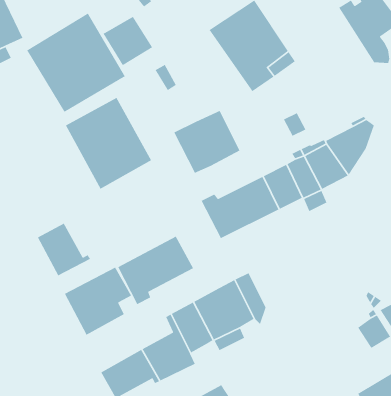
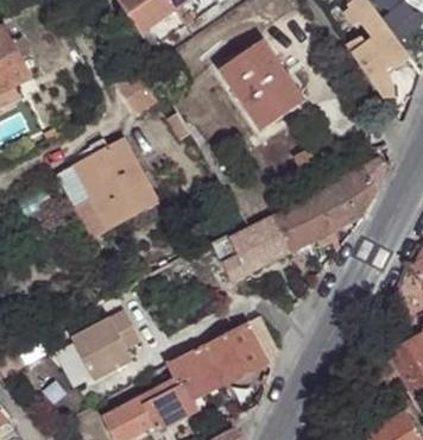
building: [26,13,126,113] -> none
building: [173,110,241,174] -> none
building: [37,223,91,277] -> none
building: [117,236,194,305] -> none

